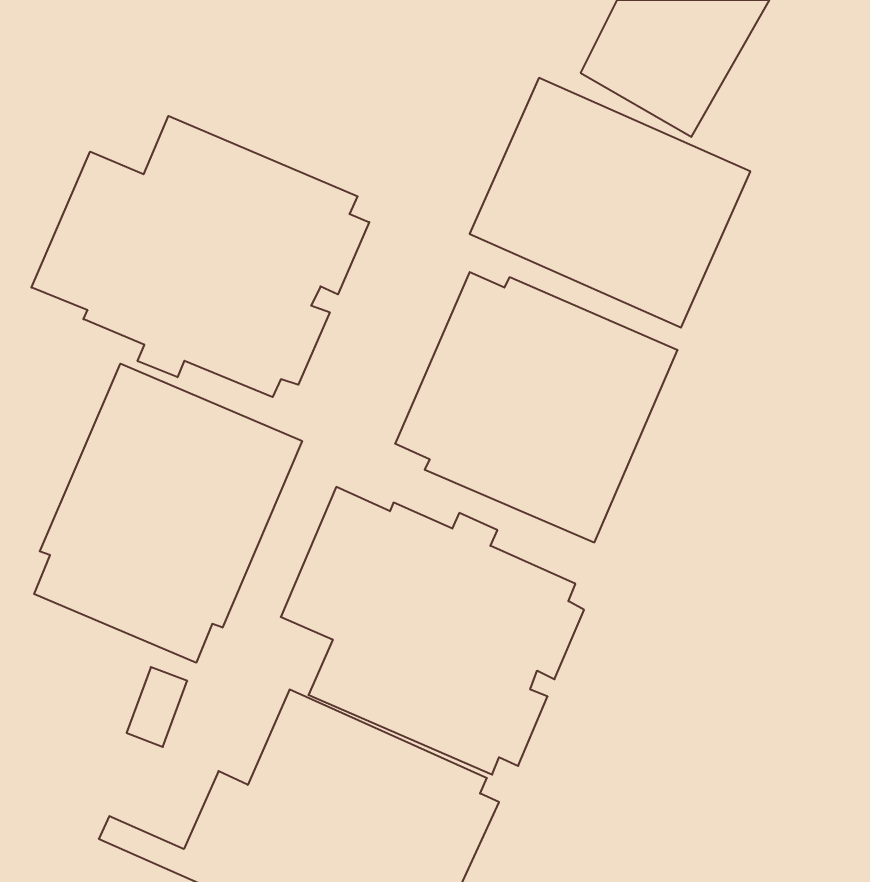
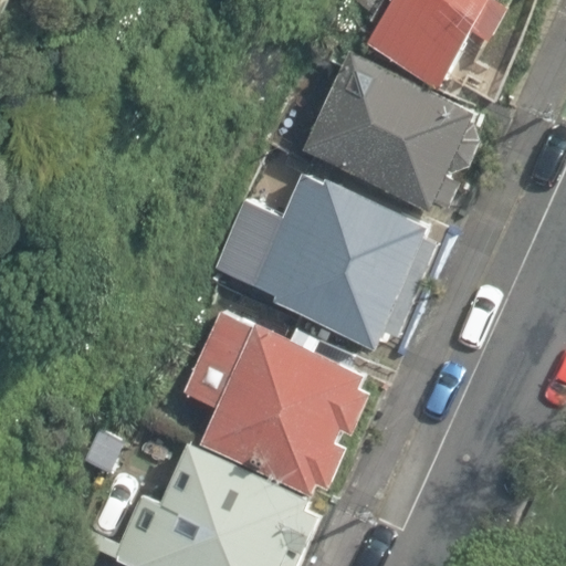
building: [31,116,369,397] -> none
building: [34,364,302,663] -> none

